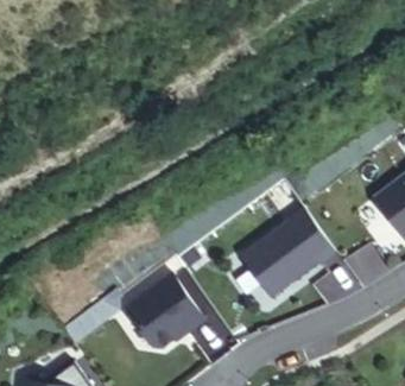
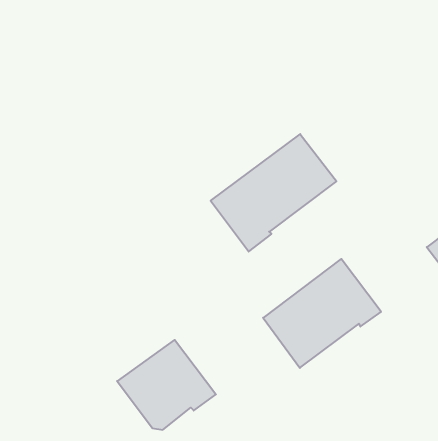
building: none -> [211,134,336,252]

